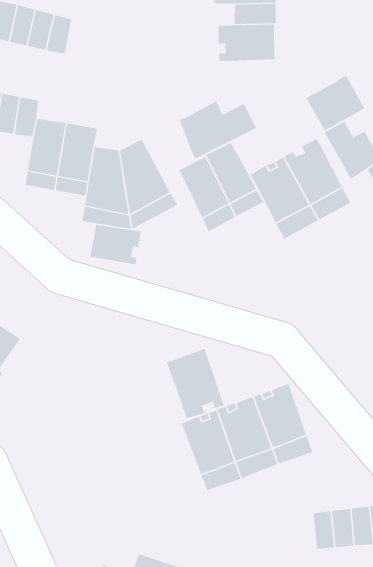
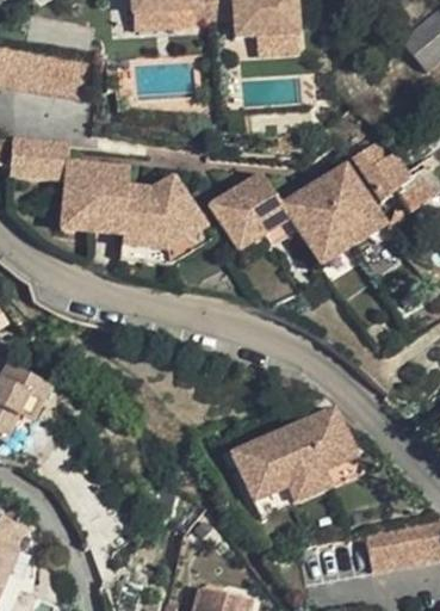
building: [218,24,275,62] -> none
building: [305,75,365,132] -> none
building: [179,100,257,160] -> none
building: [90,224,142,265] -> none
building: [166,348,225,419] -> none

